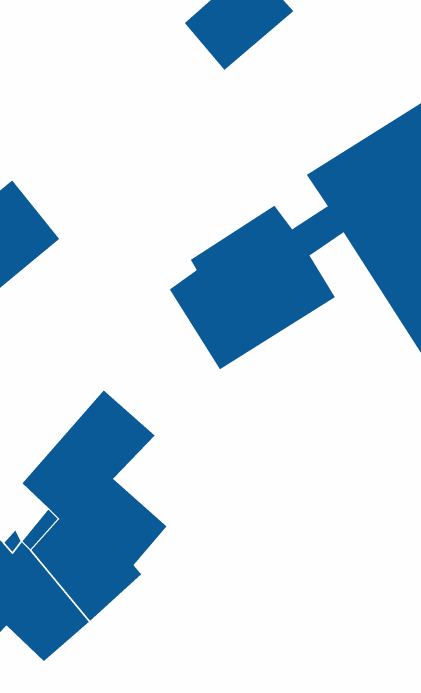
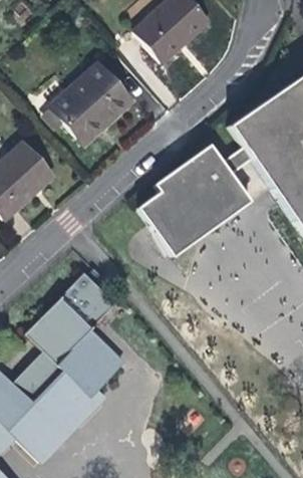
building: none -> [51,57,134,138]

